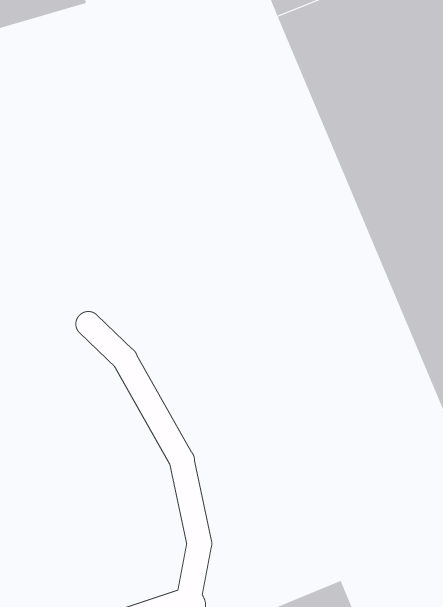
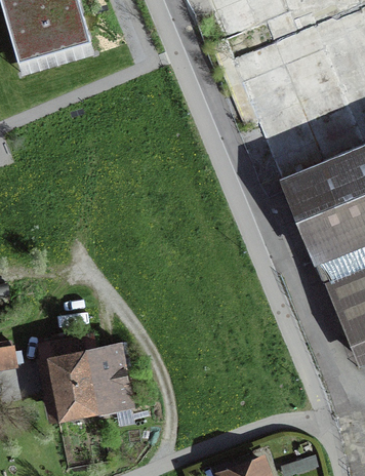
building: none -> [43,328,133,418]

